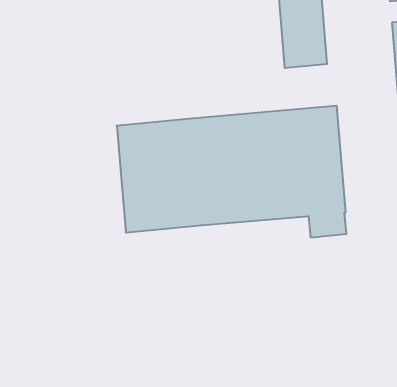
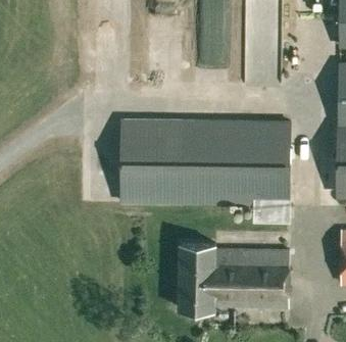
building: none -> [178,243,289,308]

